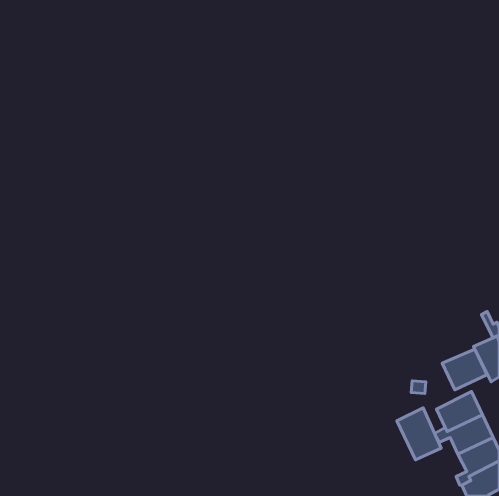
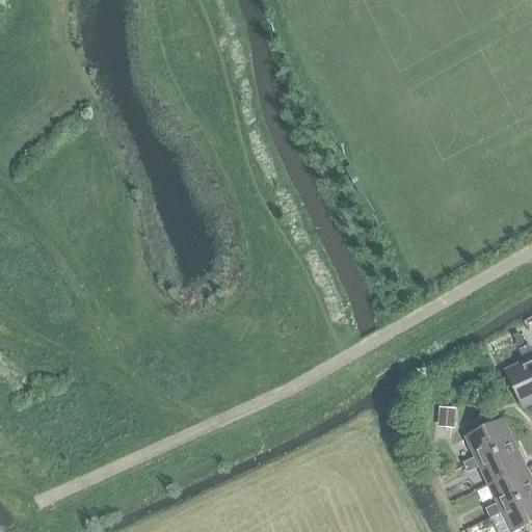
building: [442,349,487,390] -> none
building: [397,408,441,460] -> none

